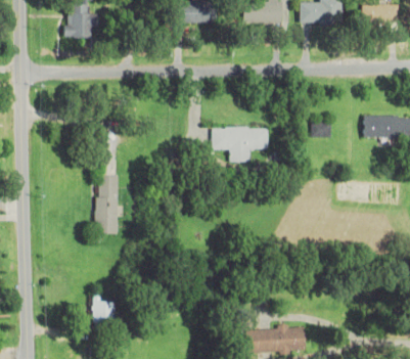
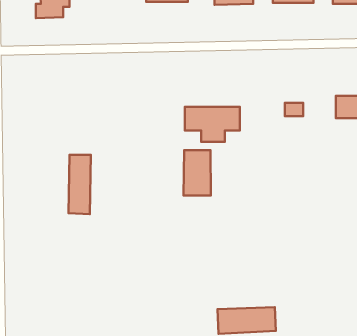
building: none -> [183,150,211,196]
building: [93,294,116,324] -> none

